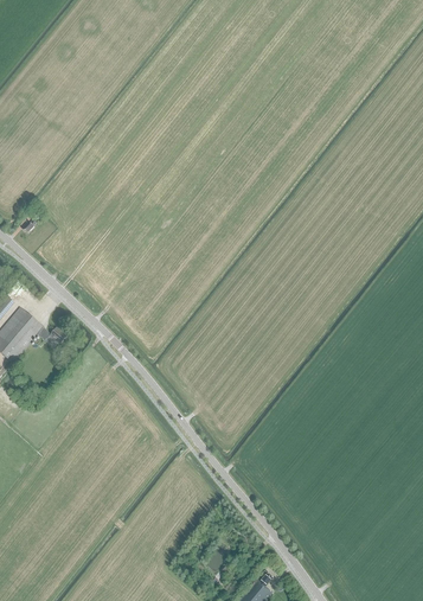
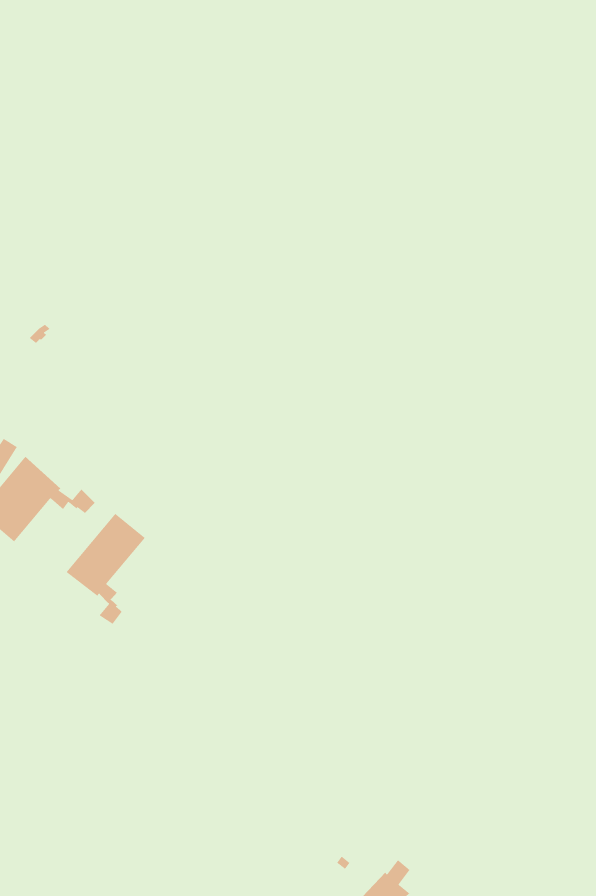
building: none -> [65,513,146,625]

